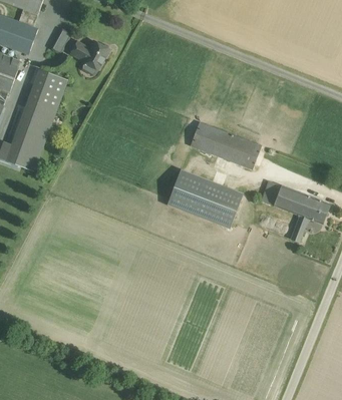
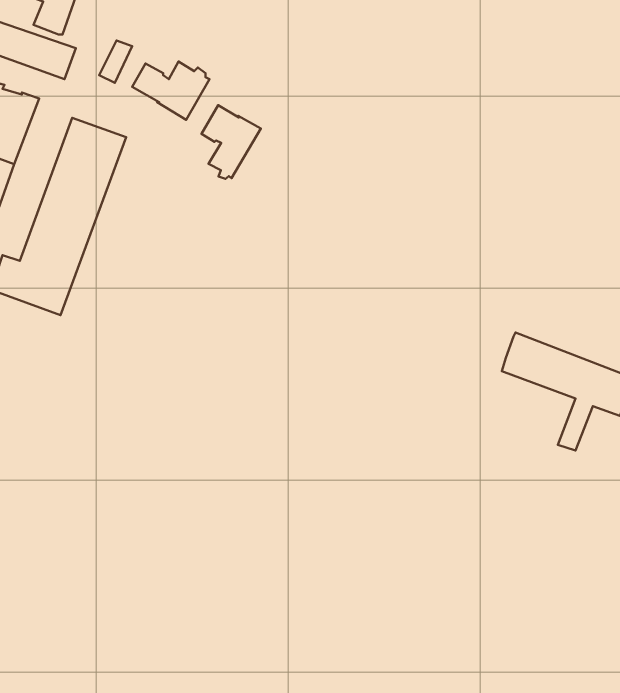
building: none -> [202,105,261,179]
building: [190,120,261,168] -> none
building: [166,168,243,227] -> none

